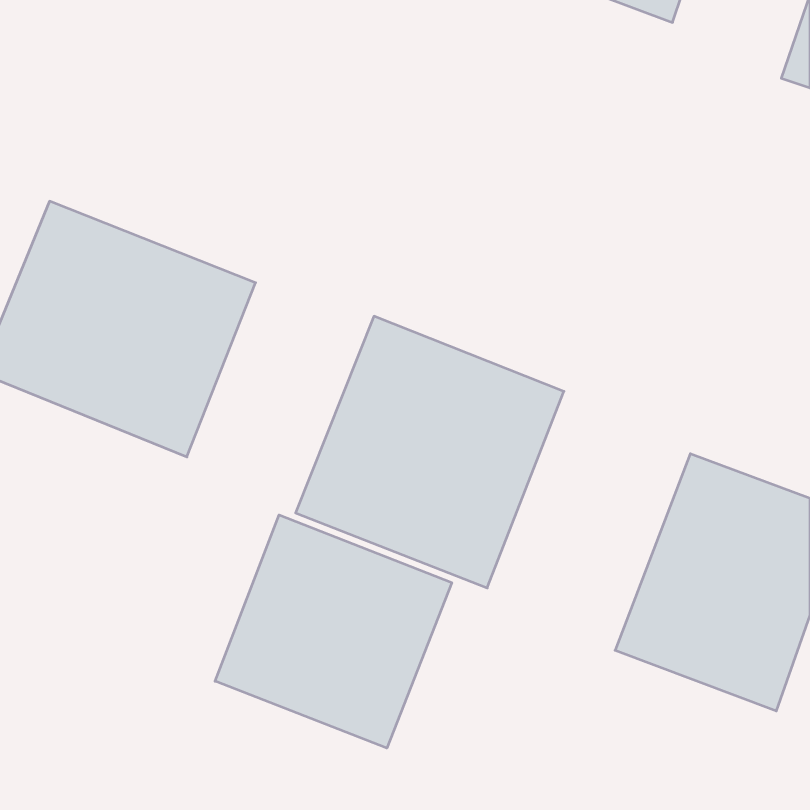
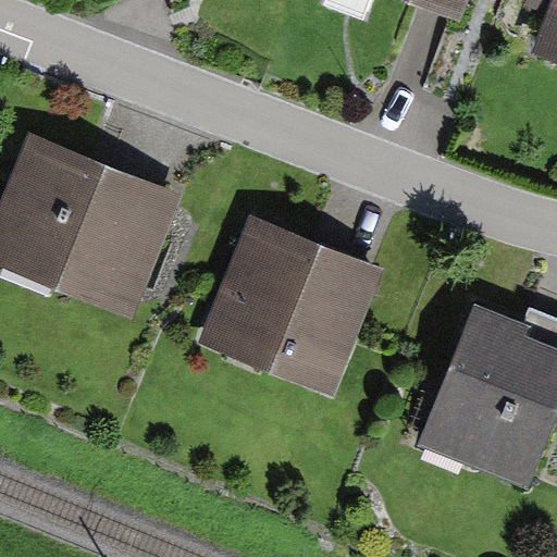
building: [215,515,452,748] -> none

